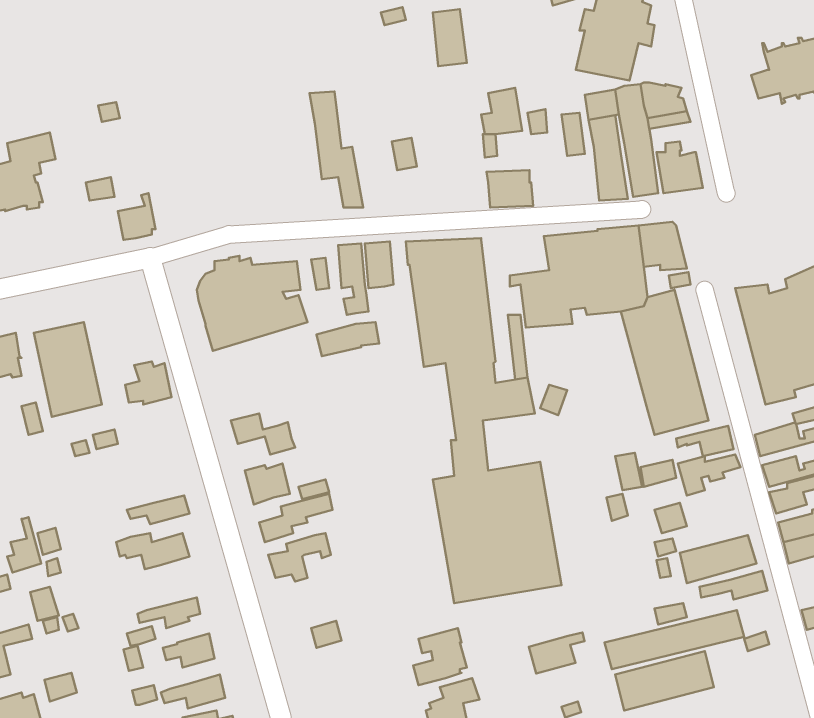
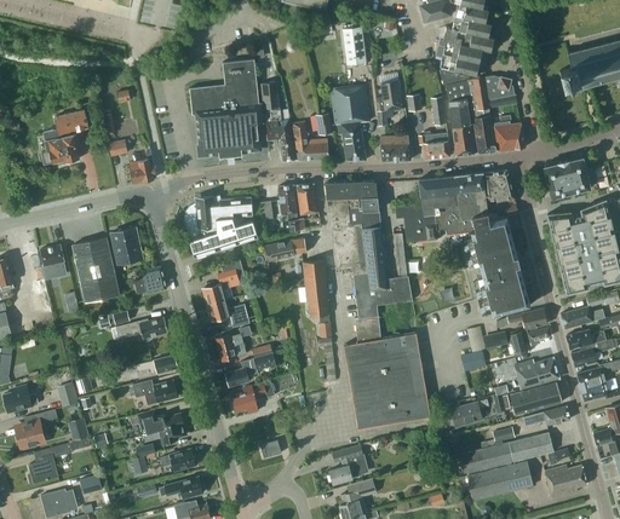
building: none -> [189,58,260,157]
building: none -> [331,83,369,160]
building: none -> [292,121,329,160]
building: none -> [418,129,449,158]
building: none -> [544,156,590,196]
building: none -> [110,226,142,263]
building: none -> [303,259,331,336]
building: none -> [202,269,237,304]
building: none -> [116,316,168,340]
building: none -> [513,357,559,388]
building: none -> [131,409,184,434]
building: [529,632,584,674] -> [450,398,488,426]
building: none -> [545,463,587,497]

